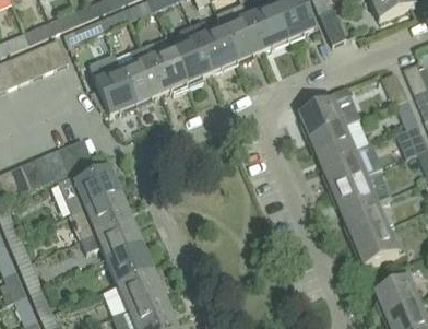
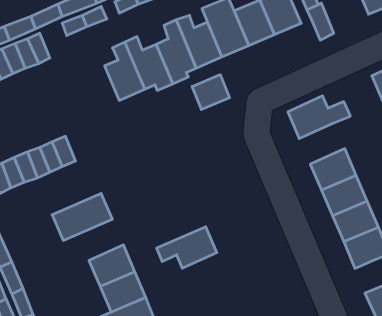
building: [88,54,135,113] -> none
building: none -> [192,75,229,110]
building: [311,124,356,164] -> none
building: [56,166,118,213] -> none
building: [81,218,140,258] -> [157,227,217,268]

